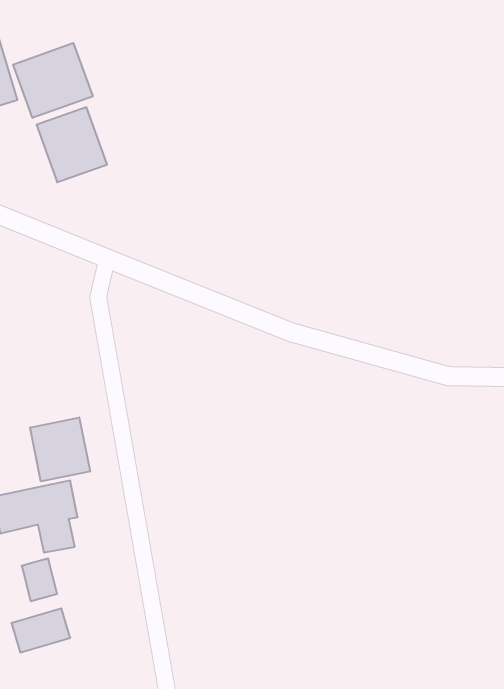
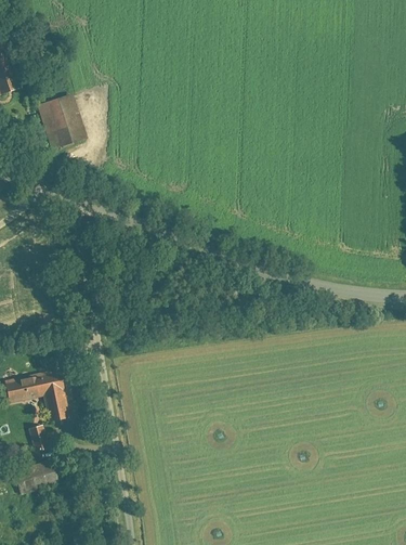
building: [13,43,93,118] -> none
building: [30,417,90,481] -> none

